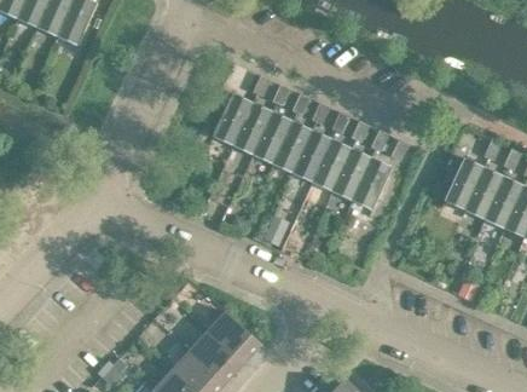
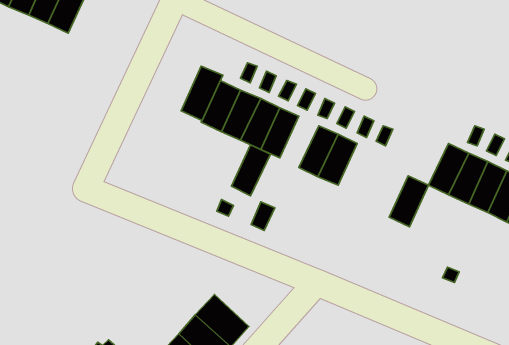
building: none -> [181,66,223,120]
building: [293,129,332,181] -> [231,145,271,196]
building: [352,157,392,209] -> [389,176,428,227]

